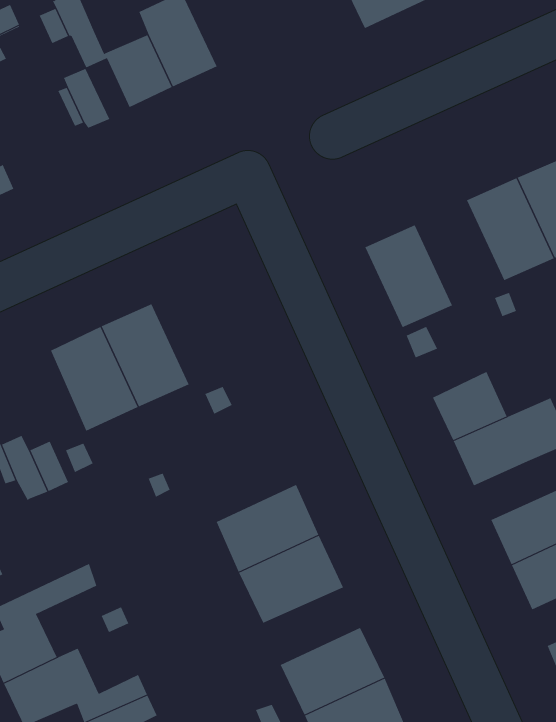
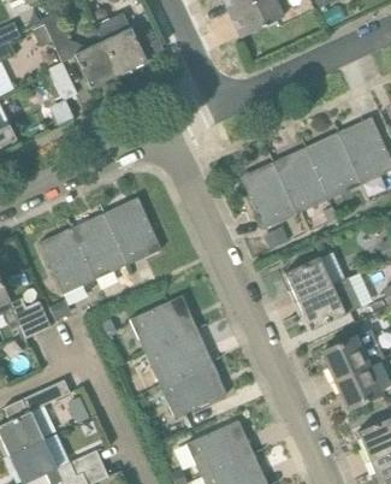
building: none -> [273,146,330,213]
building: none -> [105,196,161,264]
building: none -> [130,295,197,352]

